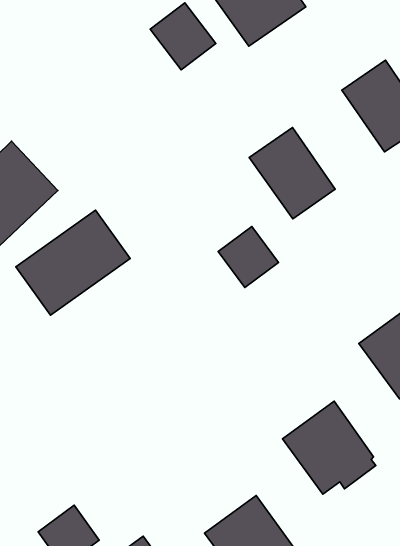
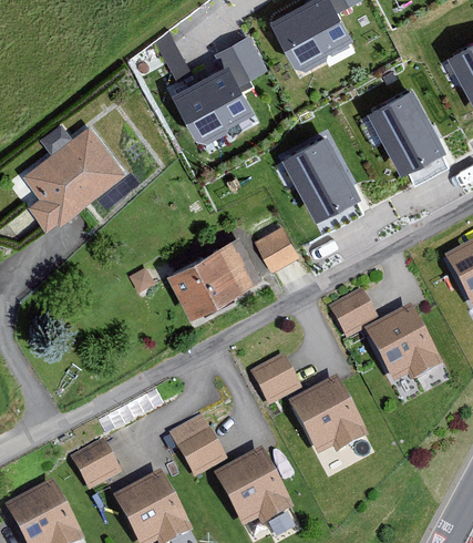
building: none -> [177,69,251,140]
building: [16,210,130,315] -> [165,229,263,314]
building: none -> [328,283,379,332]
building: none -> [250,350,301,400]
building: none -> [175,426,226,475]

